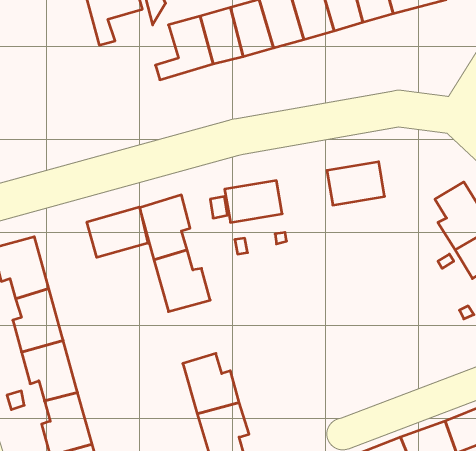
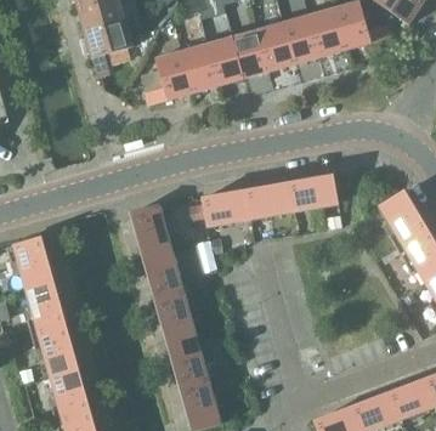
building: none -> [247,181,294,217]
building: [87,207,148,257] -> none
building: none -> [155,290,198,344]

